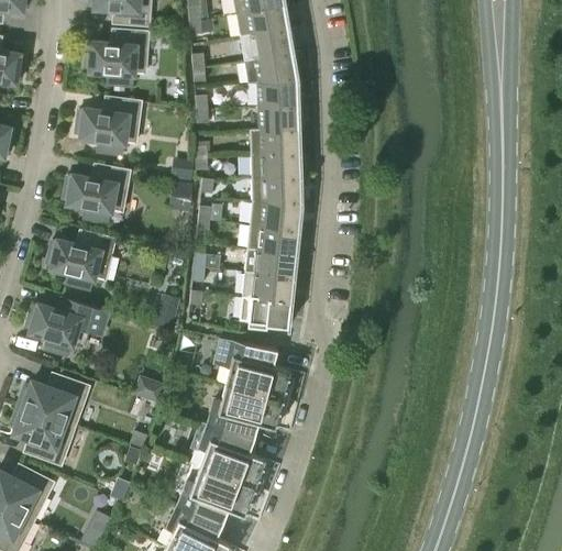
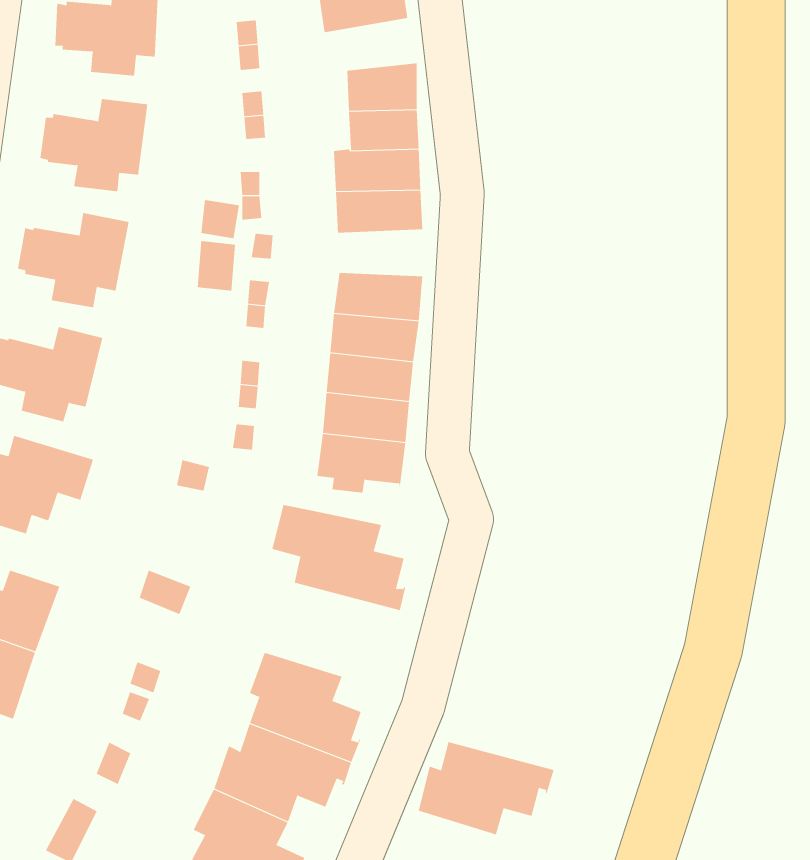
building: [243,52,298,84] -> none
building: [251,176,301,203] -> none
building: [208,384,288,439] -> [418,742,555,835]

